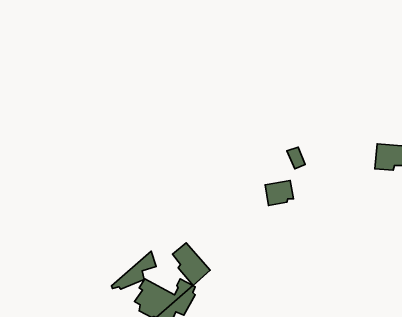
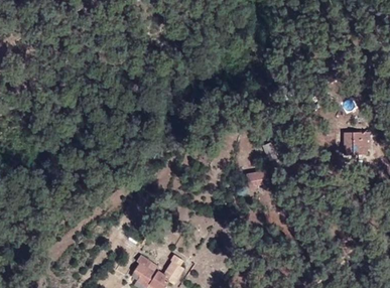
building: [173,243,210,286] -> none
building: [112,251,156,289] -> none

